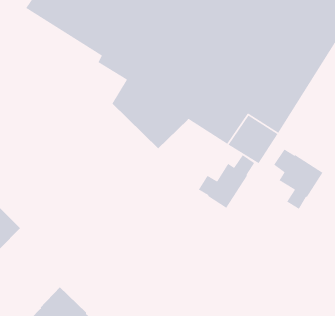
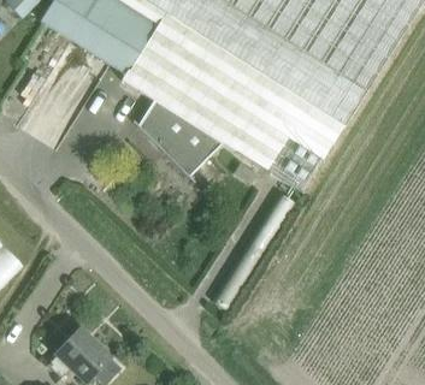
building: [273,148,324,210] -> none
building: [198,154,255,209] -> none

